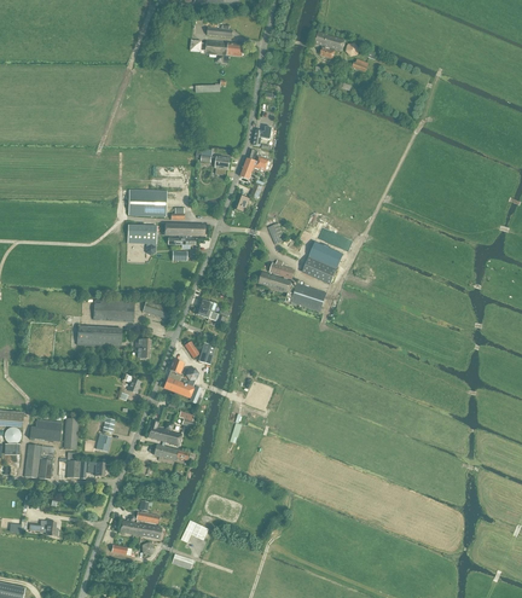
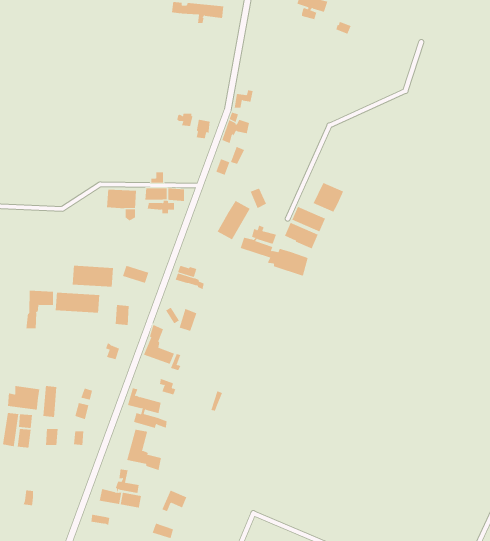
building: [127,190,166,216] -> none
building: none -> [313,182,344,212]
building: none -> [217,200,251,240]
building: none -> [26,290,53,329]
building: none -> [126,429,162,471]

